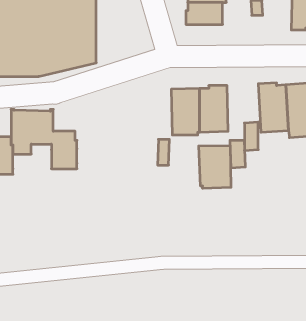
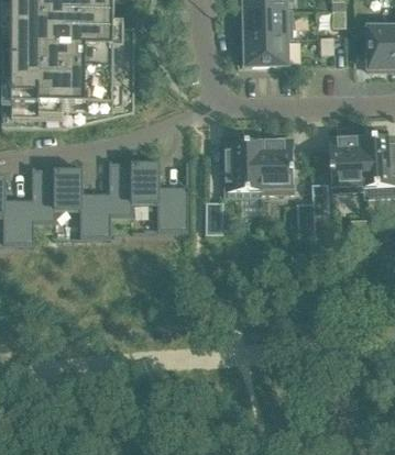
building: none -> [108,159,189,231]
building: [199,146,231,188] -> none

